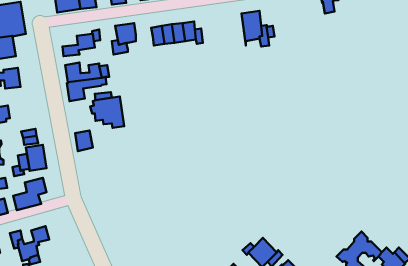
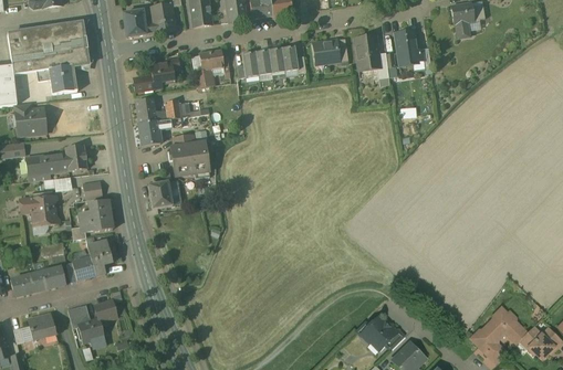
building: none -> [394,29,424,65]
building: none -> [313,38,347,62]
building: none -> [65,144,87,170]

